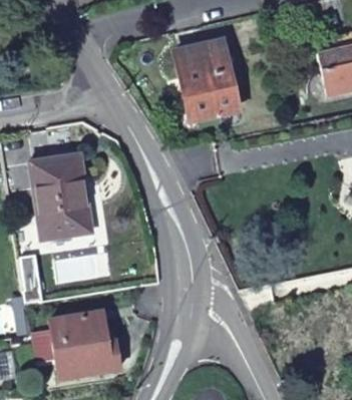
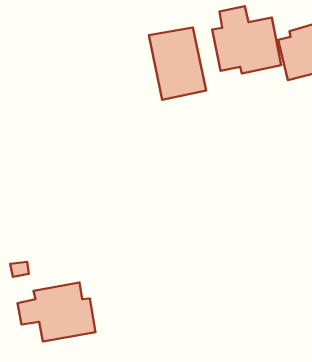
building: none -> [212,6,281,73]
building: [31,155,92,241] -> none

